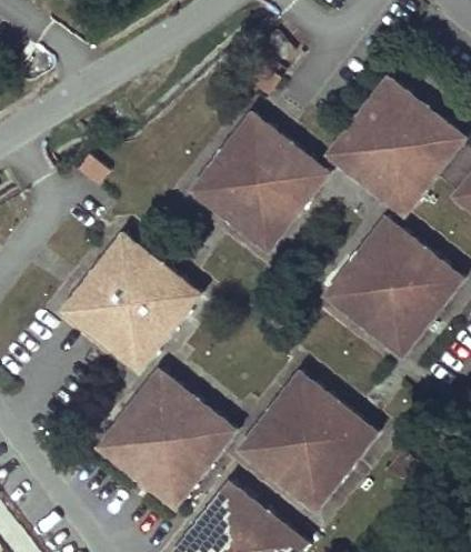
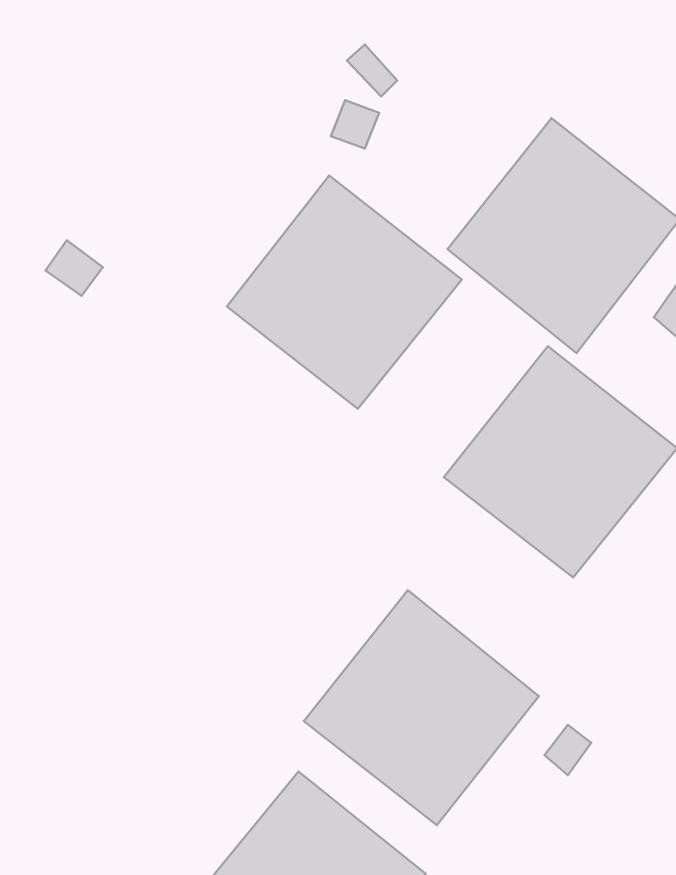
building: [58,230,203,375] -> none
building: [93,365,240,512] -> none

